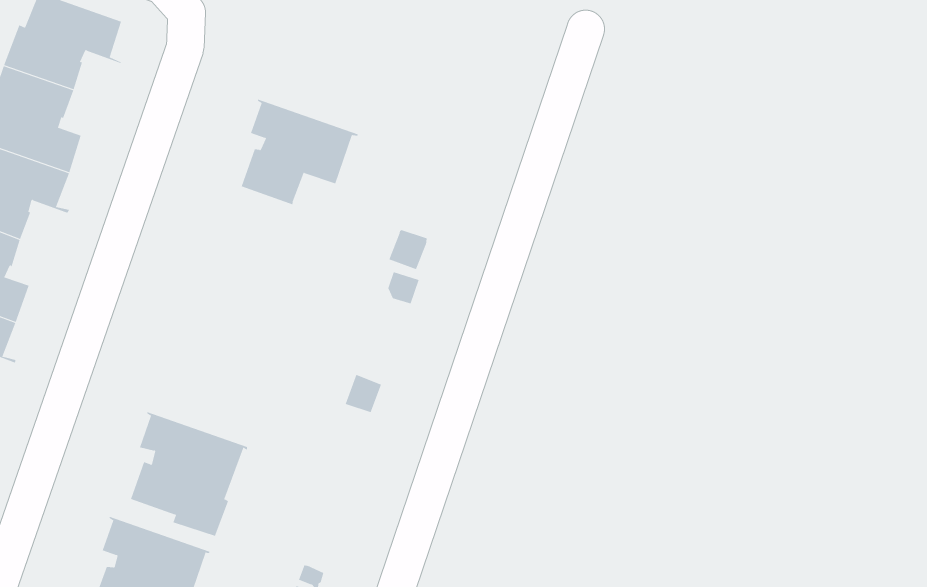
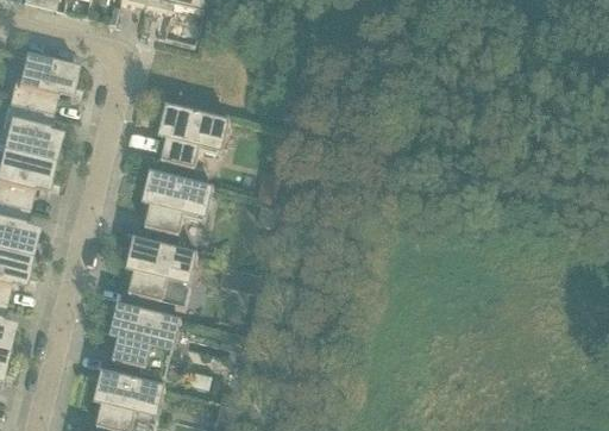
building: none -> [143,170,212,232]
building: none -> [127,236,196,305]

